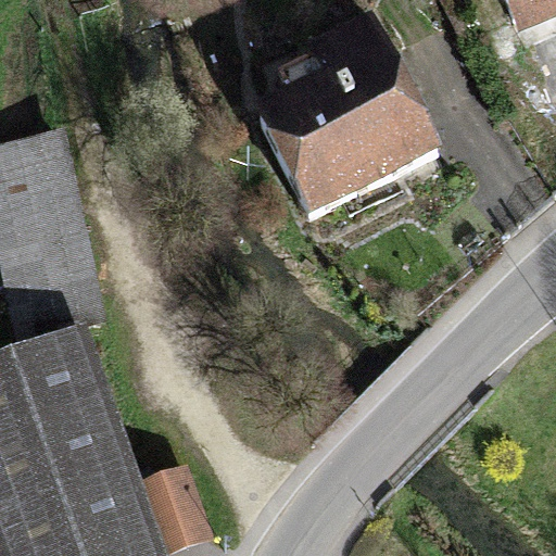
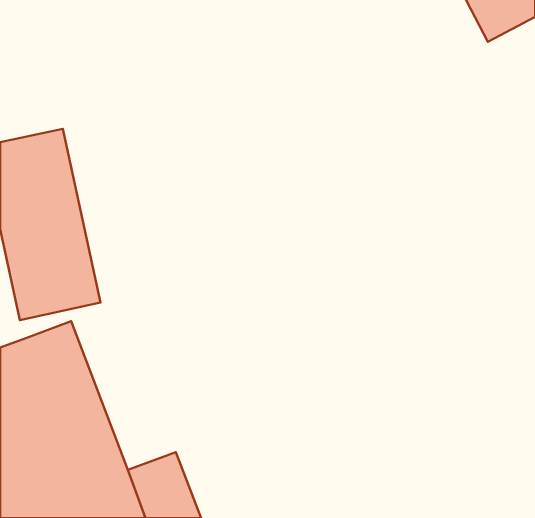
building: [249,22,434,223] -> none

